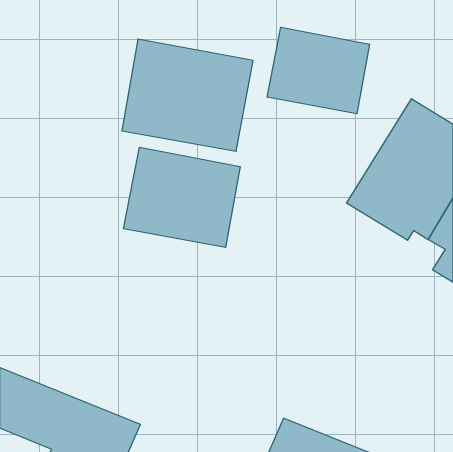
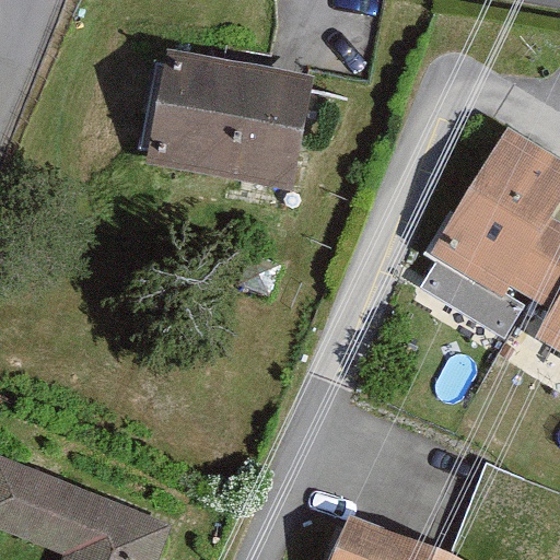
building: [267,27,369,114] -> none
building: [124,147,240,248] -> none

